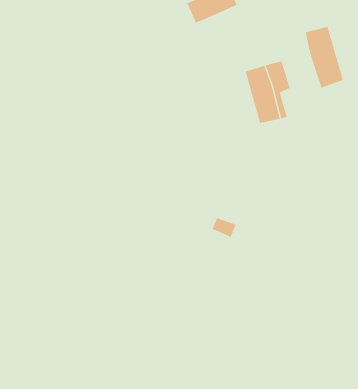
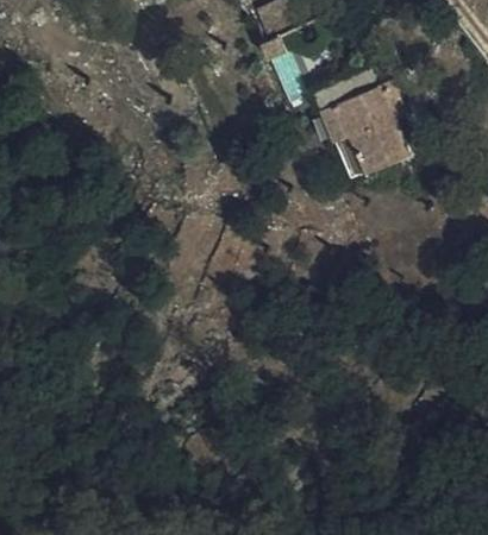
building: [305,26,344,88] -> none

